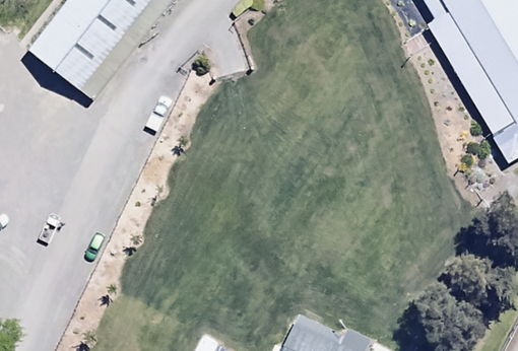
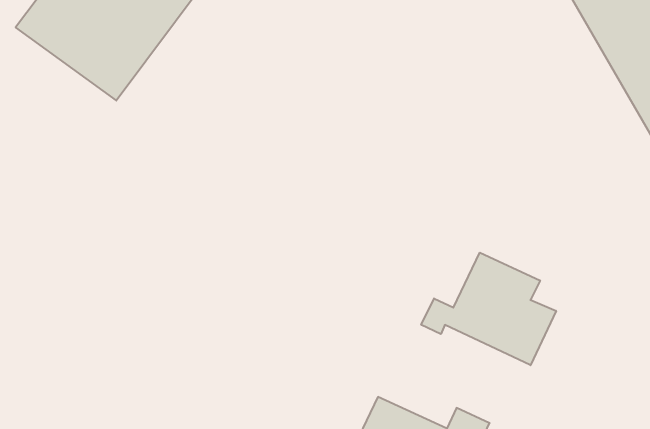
building: none -> [421,253,556,365]

